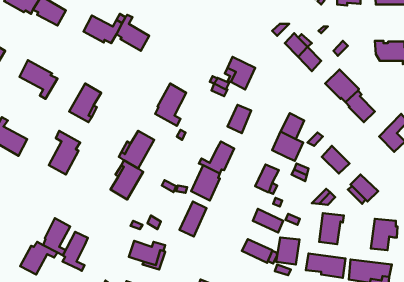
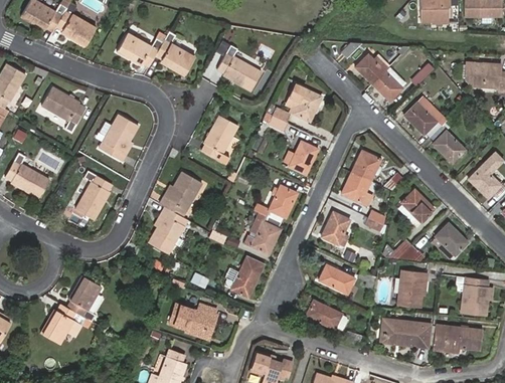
building: none -> [219,42,265,89]
building: [63,232,88,271] -> none
building: [276,238,299,265] -> none

